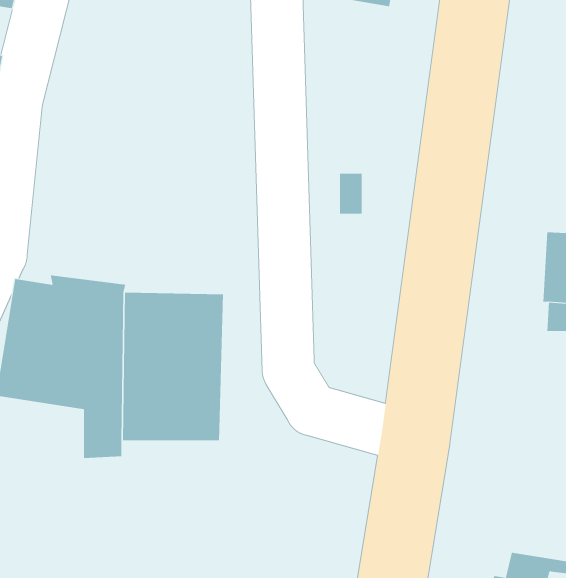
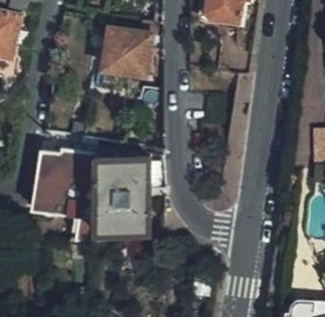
building: none -> [102,20,151,68]

